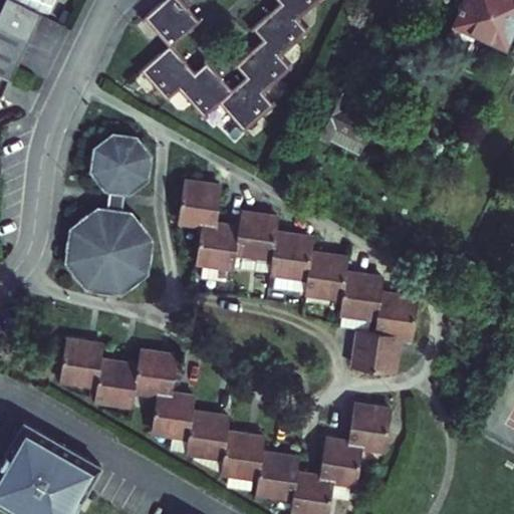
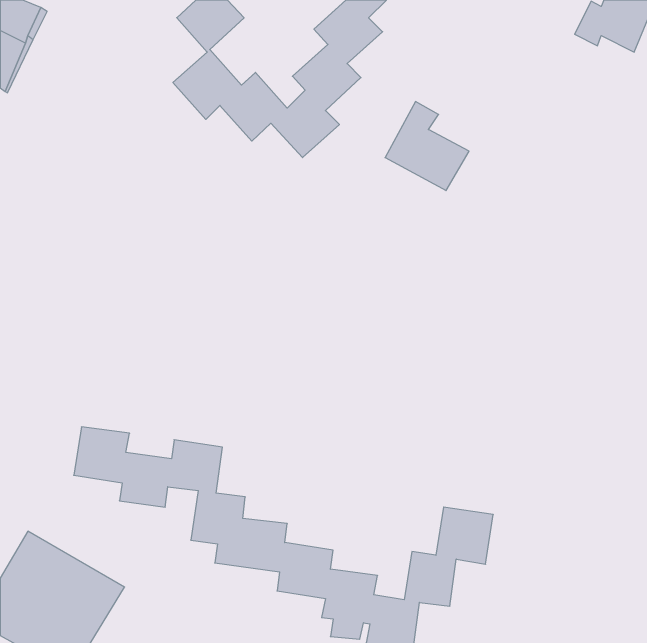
building: [65,133,154,293] -> none
building: [179,180,419,372] -> none

